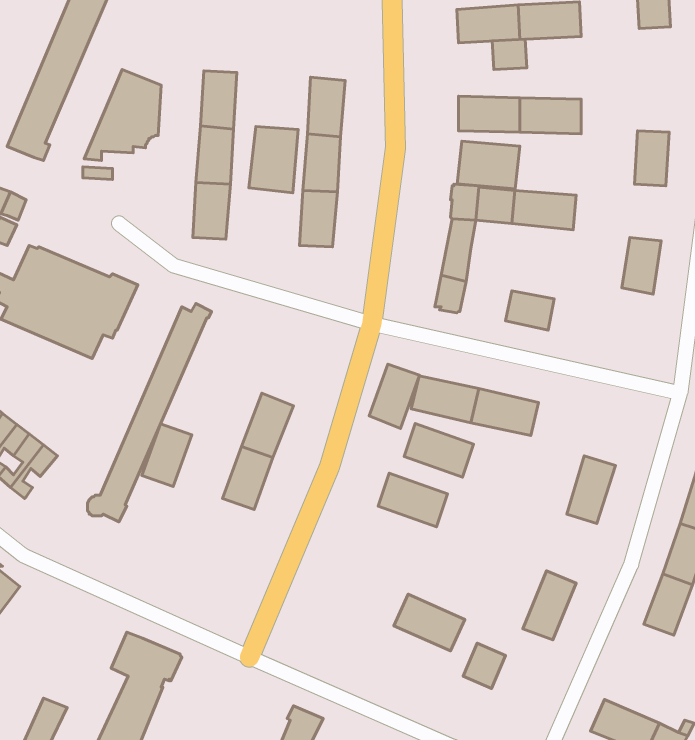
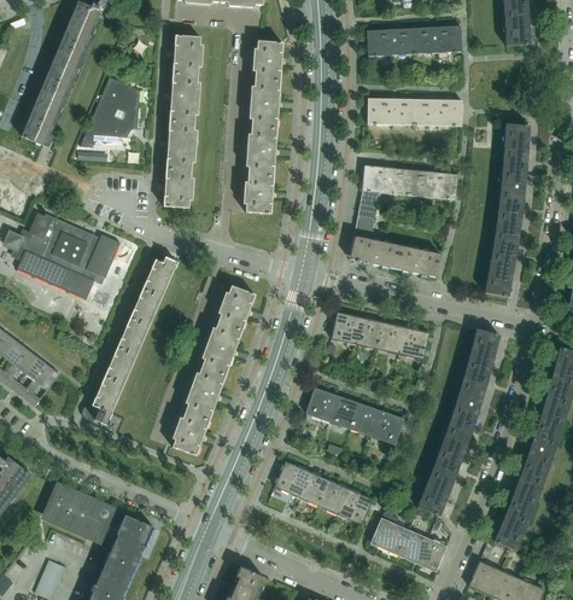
building: none -> [173,35,201,80]
building: none -> [255,41,283,86]
building: [492,39,527,69] -> none
building: [249,127,298,193] -> none
building: [457,141,520,189] -> none
building: none -> [499,165,527,209]
building: none -> [369,240,409,270]
building: none -> [485,245,518,297]
building: [369,364,419,429] -> [217,286,256,336]
building: none -> [464,328,501,381]
building: [404,424,473,477] -> [351,403,404,444]
building: [142,424,192,487] -> [173,407,211,455]
building: none -> [435,419,474,472]
building: none -> [275,461,329,505]
building: none -> [45,485,113,541]
building: none -> [495,503,533,551]
building: none -> [393,528,446,571]

